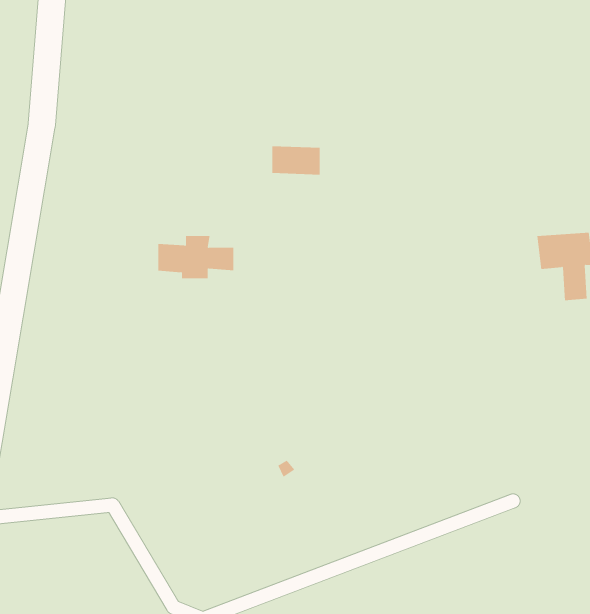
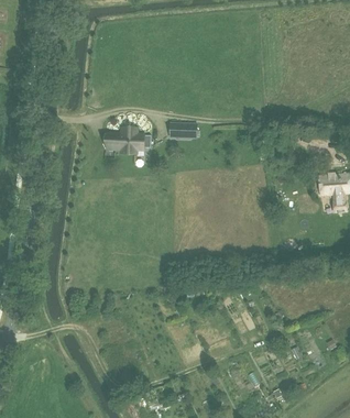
building: [158,235,234,279] -> [106,127,149,151]

